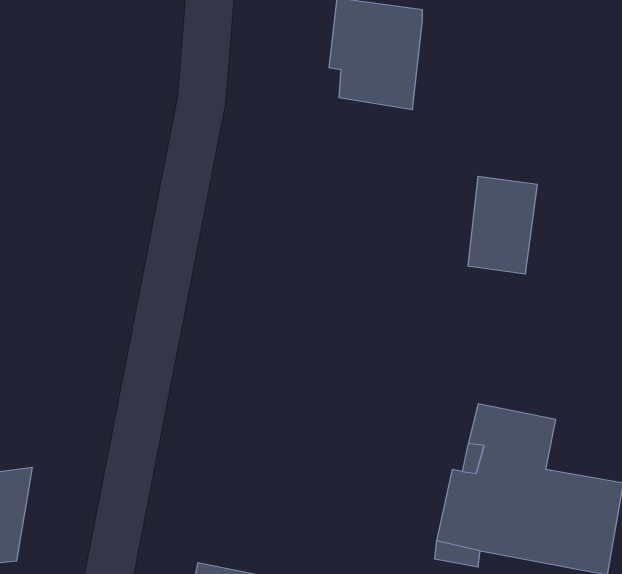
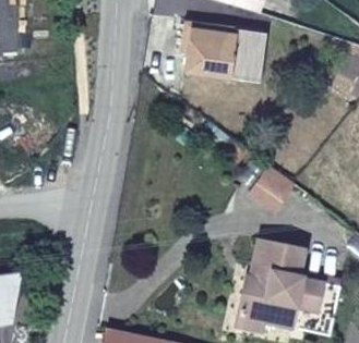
building: [468,176,537,274] -> [227,29,265,83]

